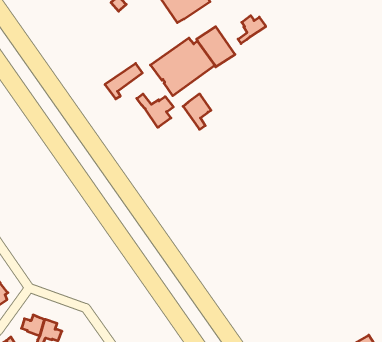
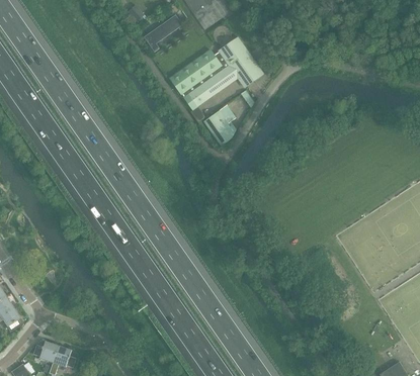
building: [238,16,266,44] -> none
building: [105,63,142,99] -> [144,14,183,52]
building: [137,94,173,127] -> none

